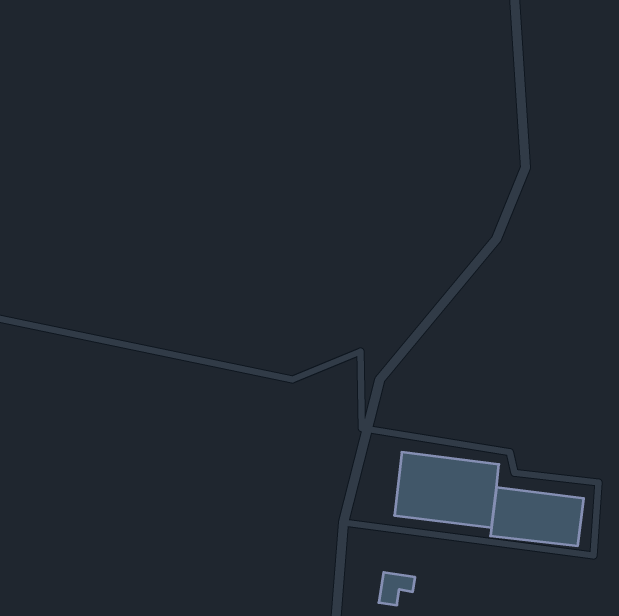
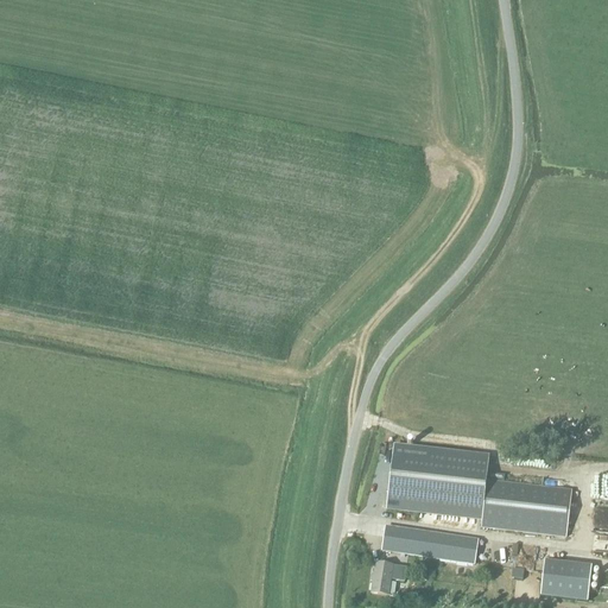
building: none -> [382,525,479,562]
building: none -> [538,557,589,597]

